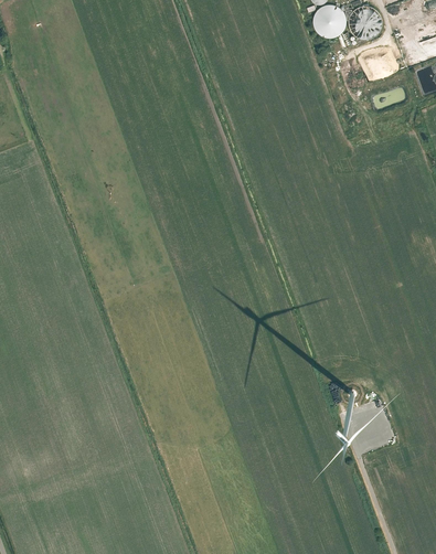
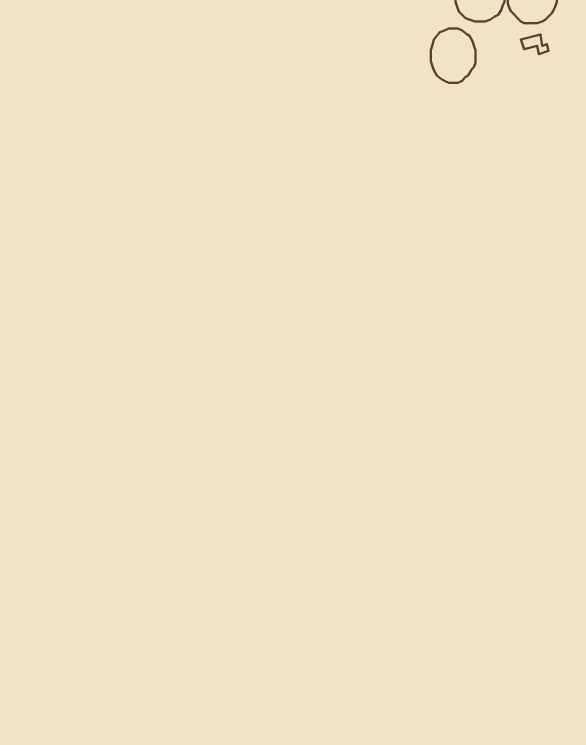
building: none -> [431,29,476,83]

